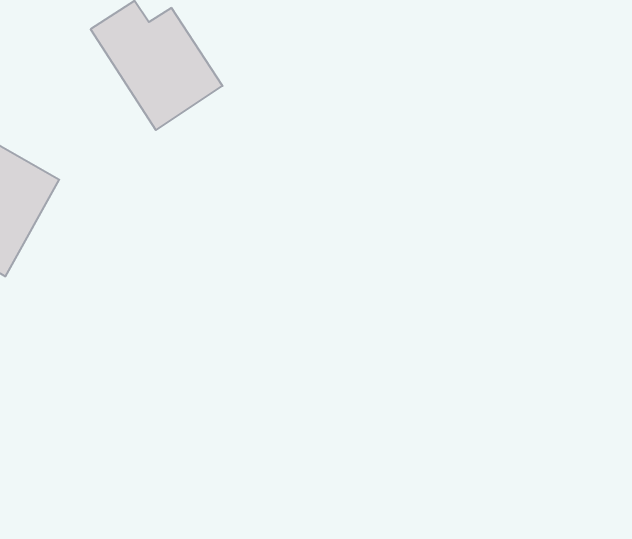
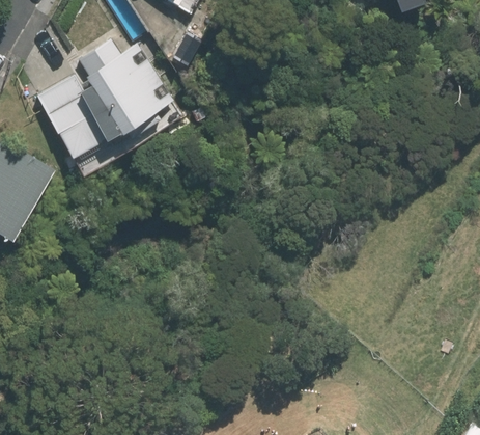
building: none -> [35,75,111,160]

